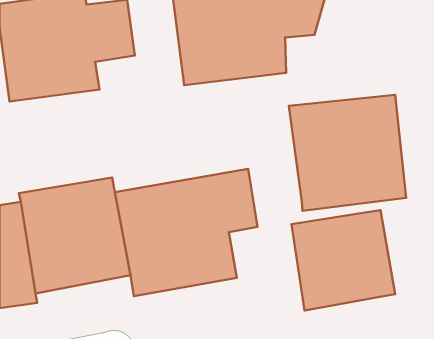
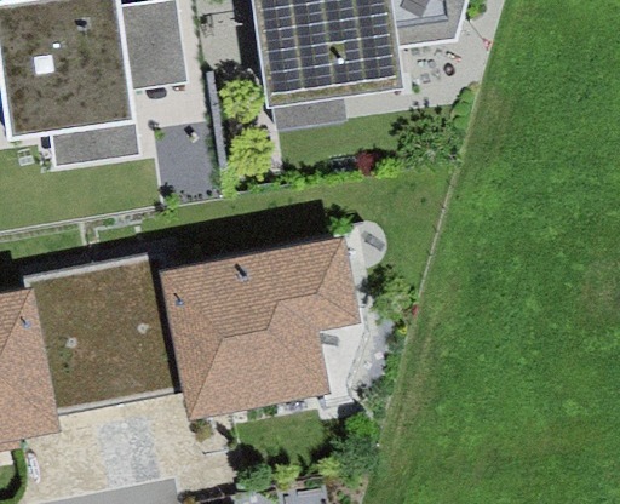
building: [289,95,406,211] -> none
building: [291,210,395,310] -> none

